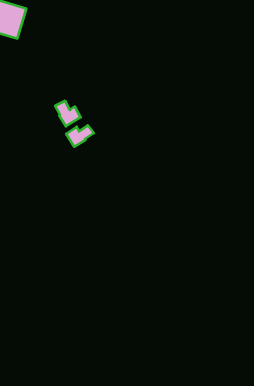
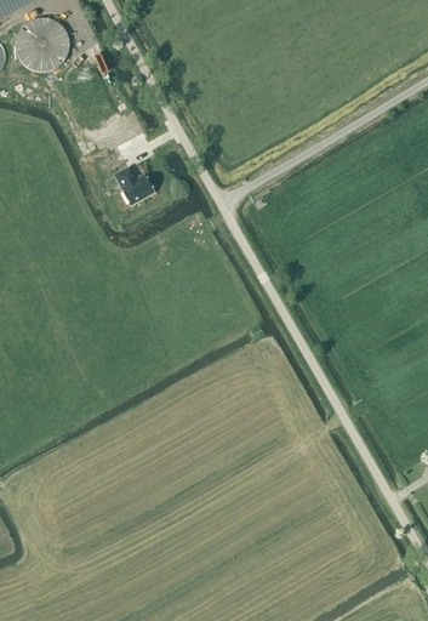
building: [66,125,94,147] -> none

